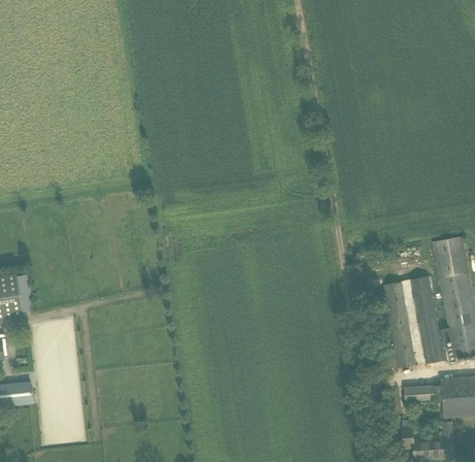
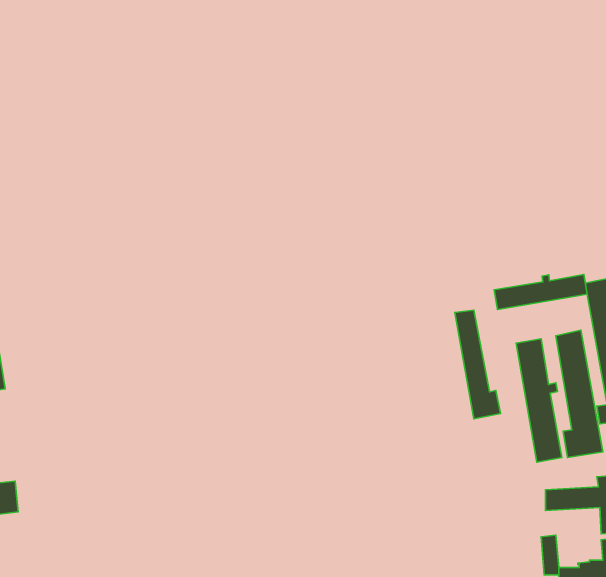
building: none -> [494,274,587,310]
building: none -> [455,310,500,419]

